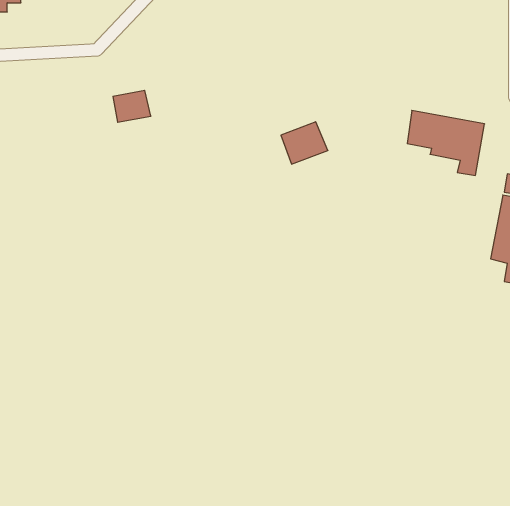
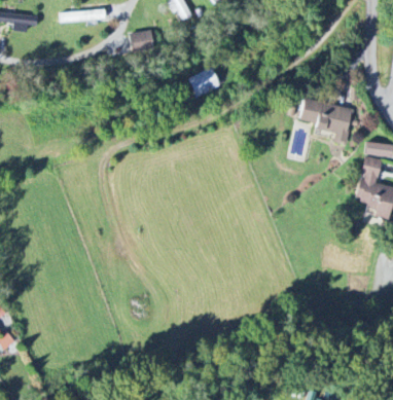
building: [113,90,151,122] -> [129,31,154,52]
building: [281,122,328,164] -> [188,68,220,97]

